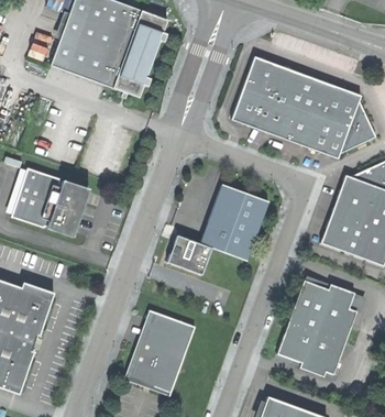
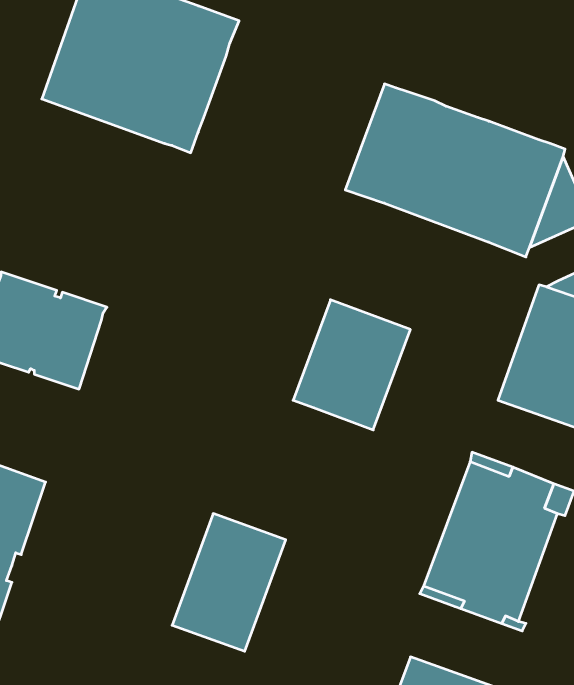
building: [168,235,212,275] -> none
building: [124,310,172,396] -> none

